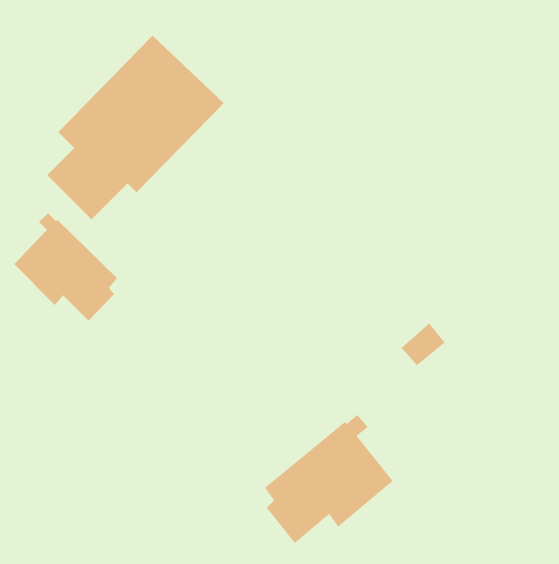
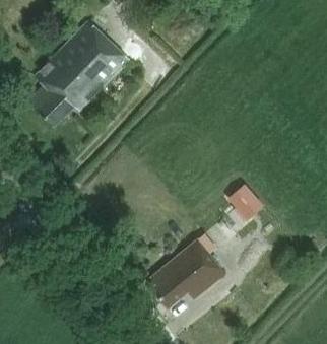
building: [13,212,118,322] -> none

